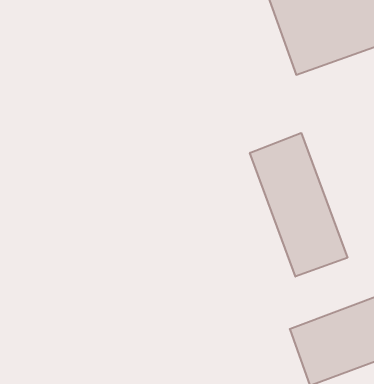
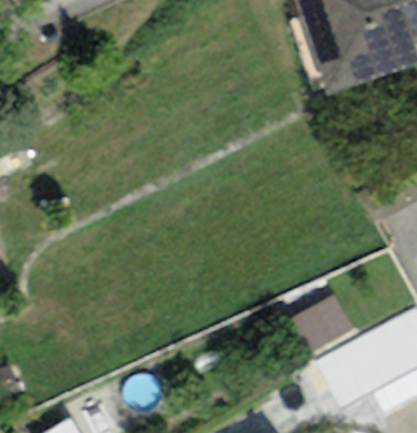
building: [250,133,347,277] -> none

